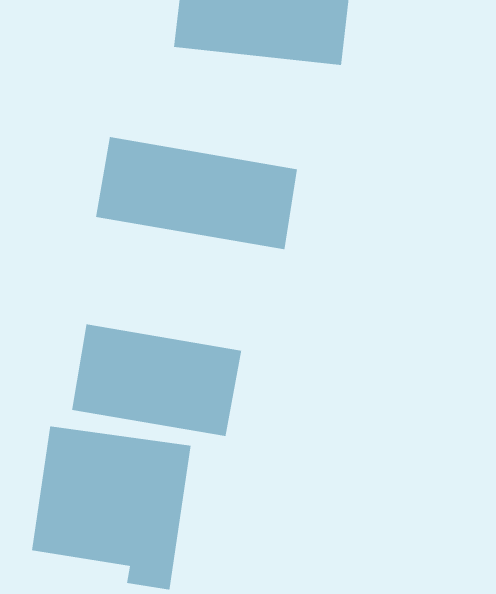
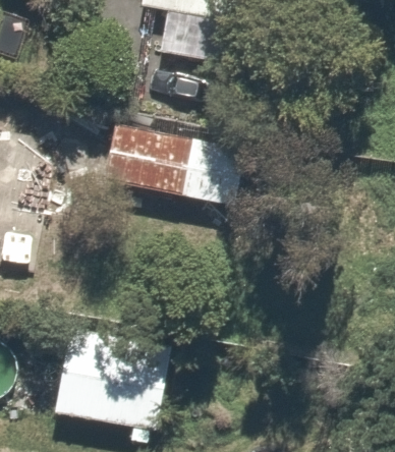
building: [72,324,242,437] -> none

